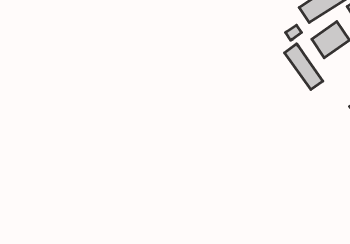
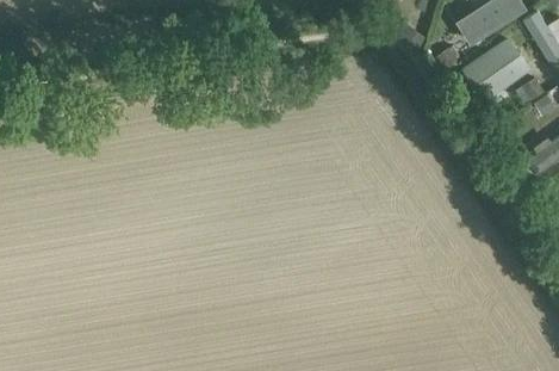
building: [284,44,323,89] -> none

